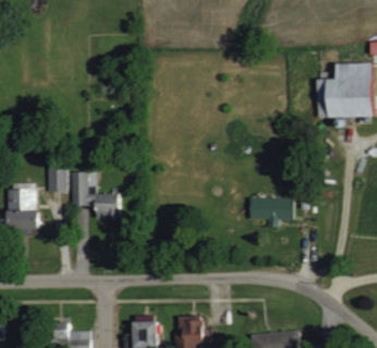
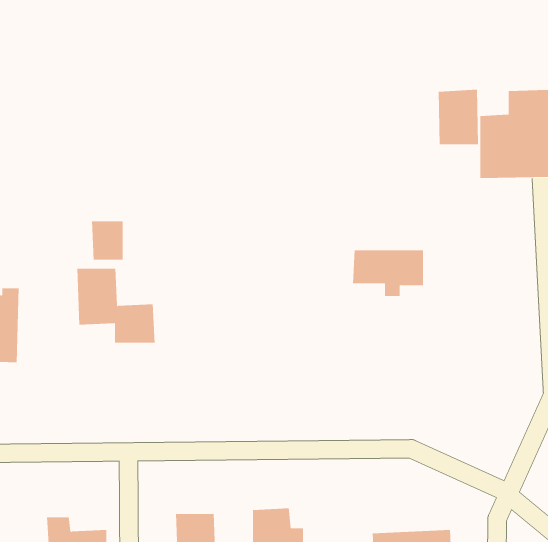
building: none -> [438,89,478,145]
building: [48,167,68,191] -> [91,221,123,260]
building: [250,197,293,226] -> [352,250,424,297]

